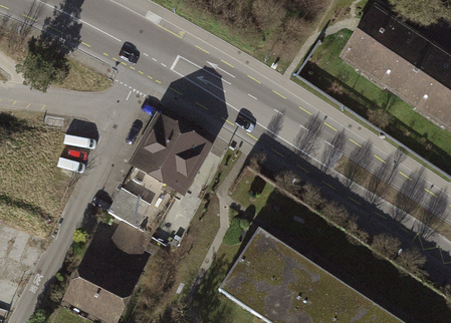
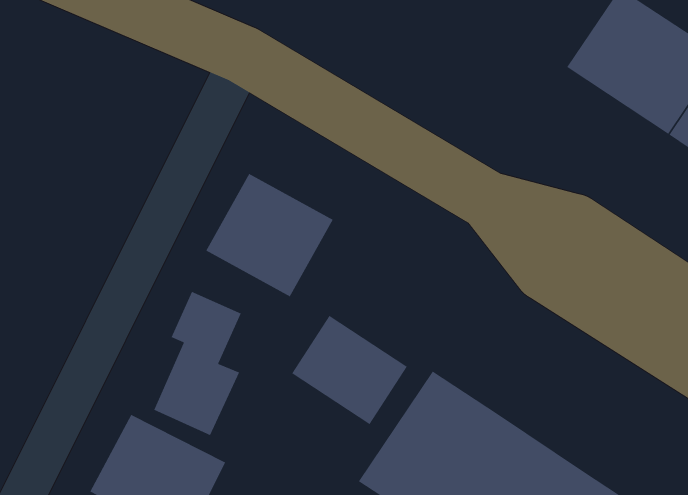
building: none -> [291,315,408,425]

